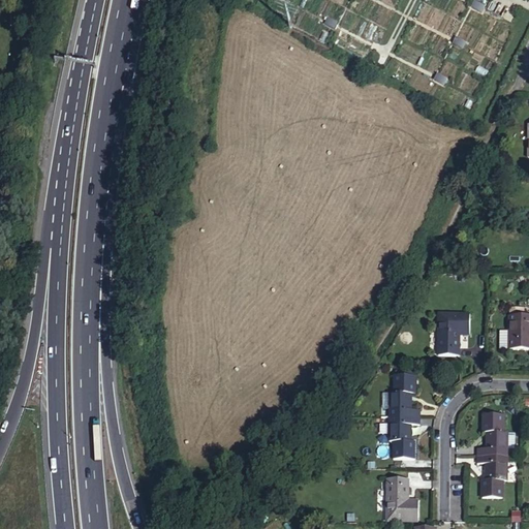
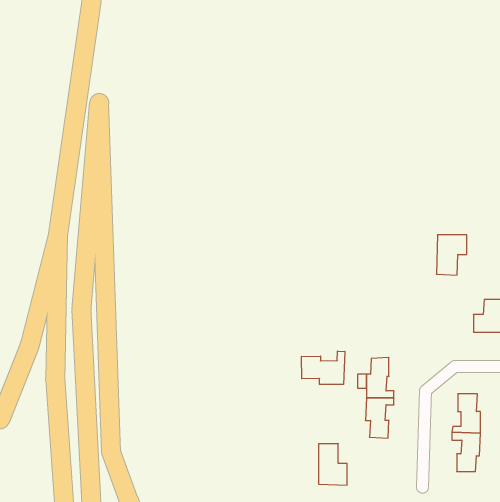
building: [438,311,470,353] -> [436,235,467,275]
building: none -> [302,351,345,384]
building: [387,474,417,518] -> [319,444,347,485]

